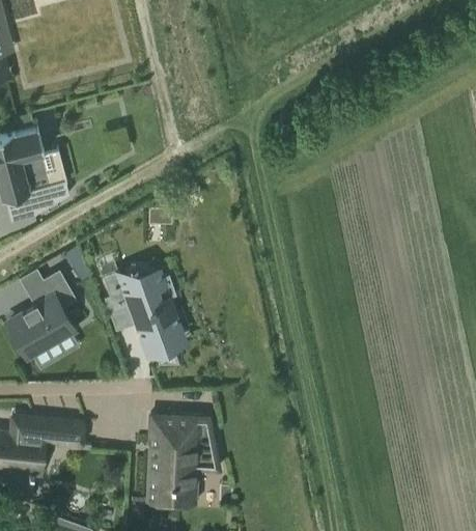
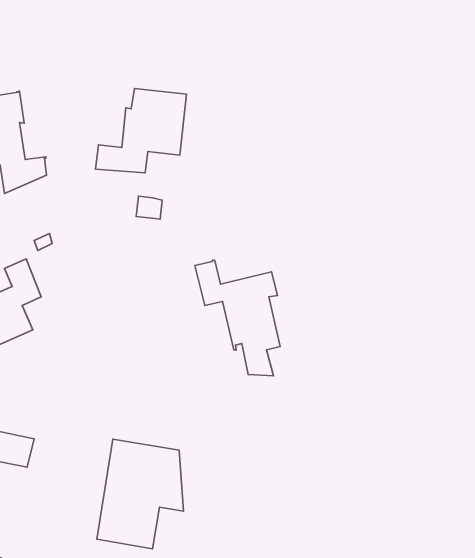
building: none -> [96,88,187,173]
building: [103,270,184,364] -> [195,260,280,376]

